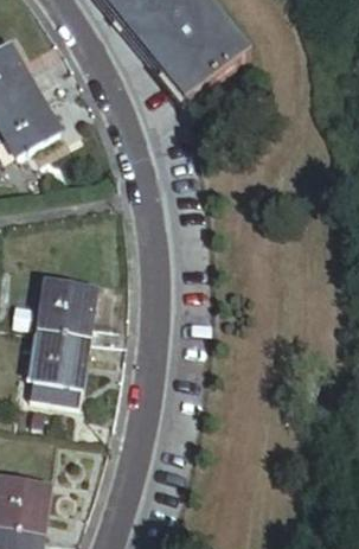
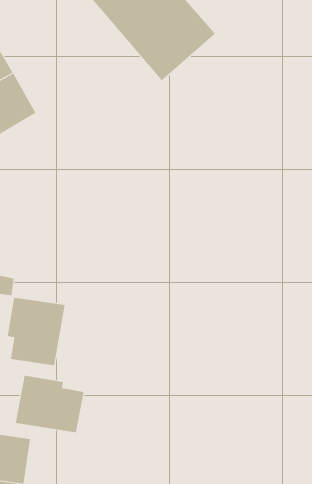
building: [37,279,96,338] -> none
building: none -> [15,375,84,433]

